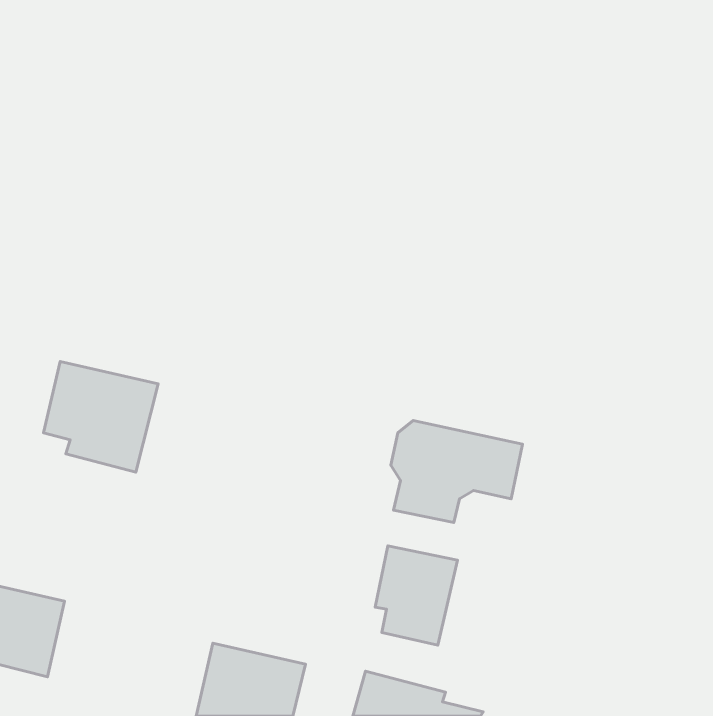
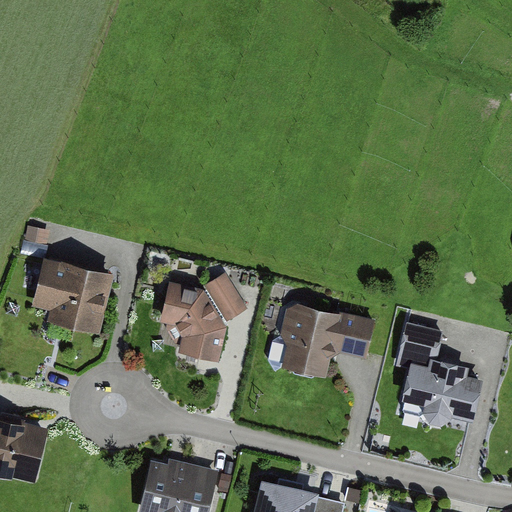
building: none -> [160,276,245,363]
building: none -> [396,324,480,422]
building: [375,546,458,645] -> none

